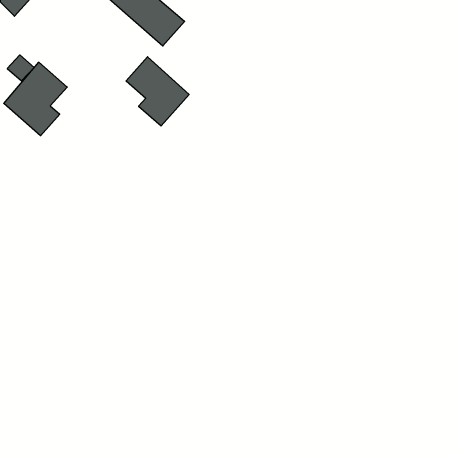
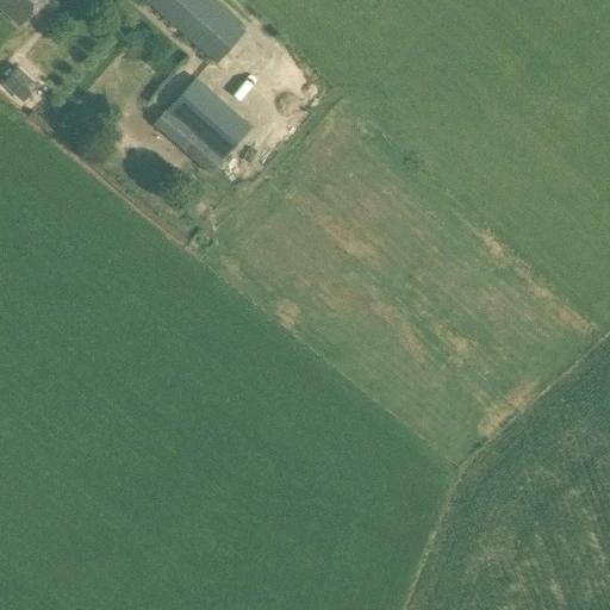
building: [4,62,67,136] -> none
building: none -> [152,106,193,145]

